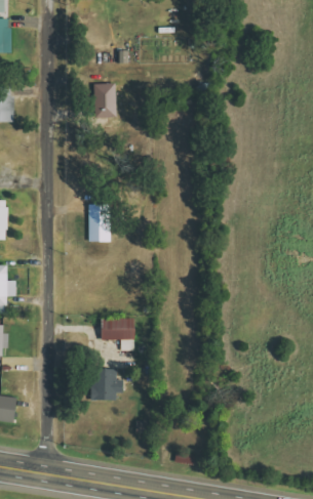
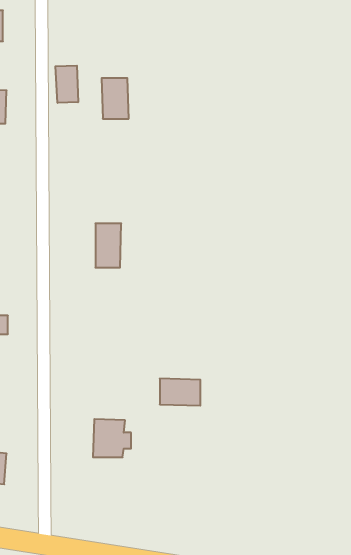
building: none -> [55,66,78,103]
building: [96,318,130,340] -> [160,379,200,406]

